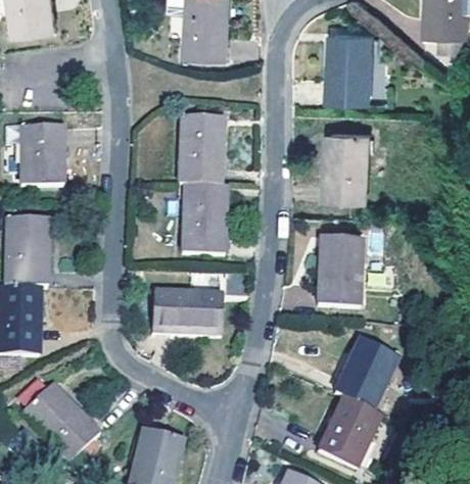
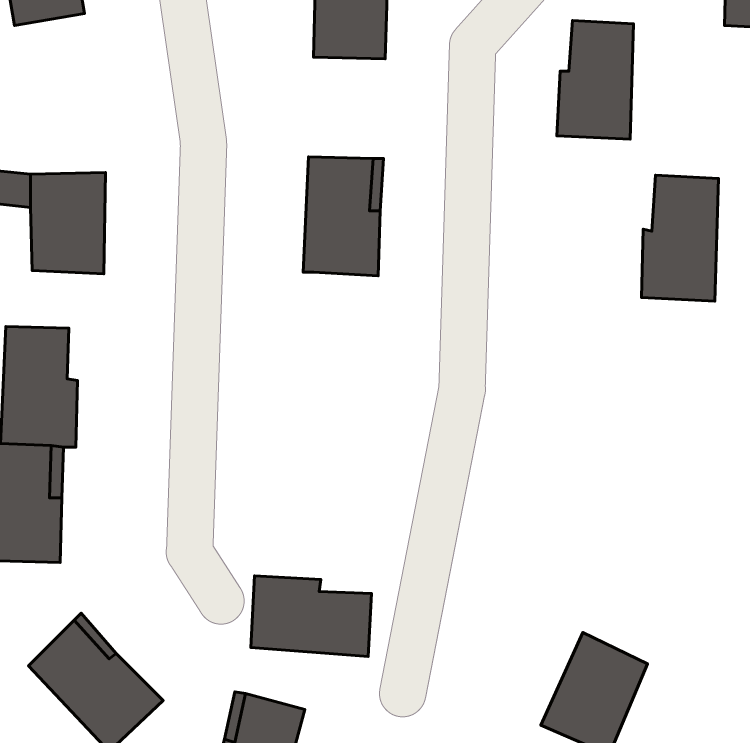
building: [324,133,369,206] -> [641,175,718,301]
building: [183,182,227,254] -> none
building: [320,236,364,305] -> none
building: [151,288,222,335] -> [251,576,372,656]
building: [337,338,397,407] -> none

